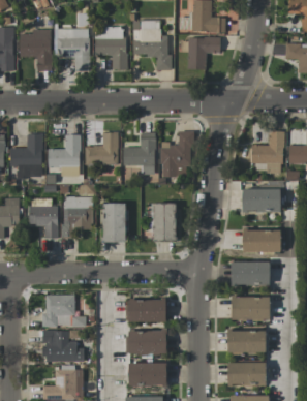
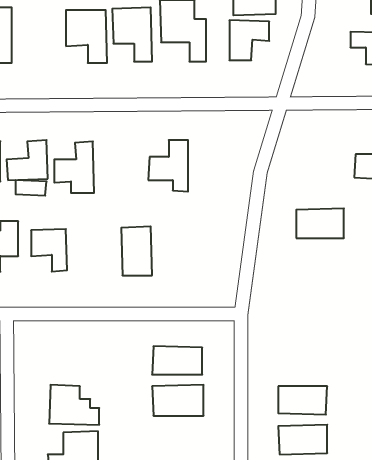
building: [19,31,52,71] -> none
building: [161,131,191,176] -> none
building: [251,131,283,173] -> none
building: [85,132,118,165] -> none
building: [63,196,92,238] -> none
building: [153,203,176,241] -> none
building: [243,229,281,252] -> none
building: [231,261,270,285] -> none
building: [44,295,73,327] -> none
building: [232,296,271,320] -> none
building: [128,363,167,385] -> none

